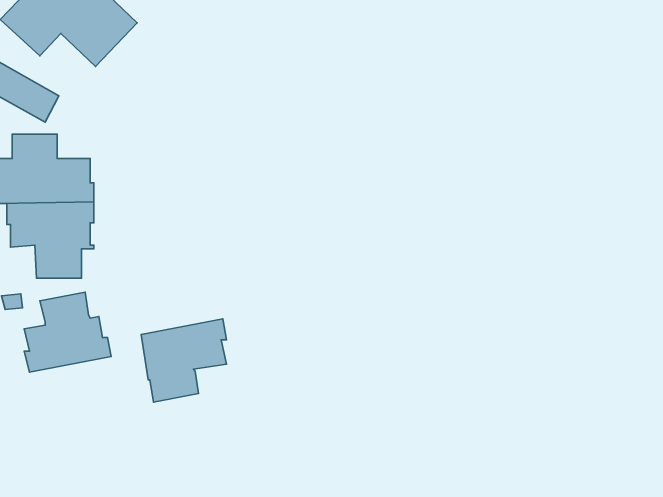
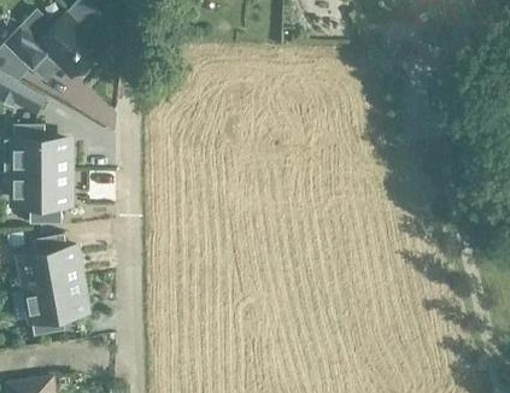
building: [141,319,226,402] -> [27,277,86,335]

